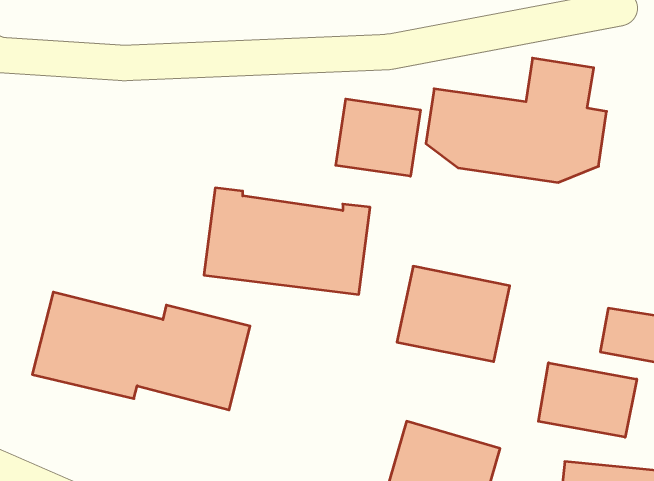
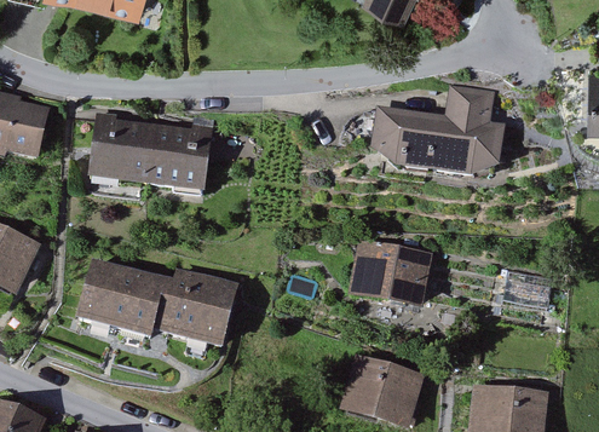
building: [336,99,420,176] -> none
building: [204,188,370,294] -> [87,111,212,191]
building: [538,363,637,437] -> none

